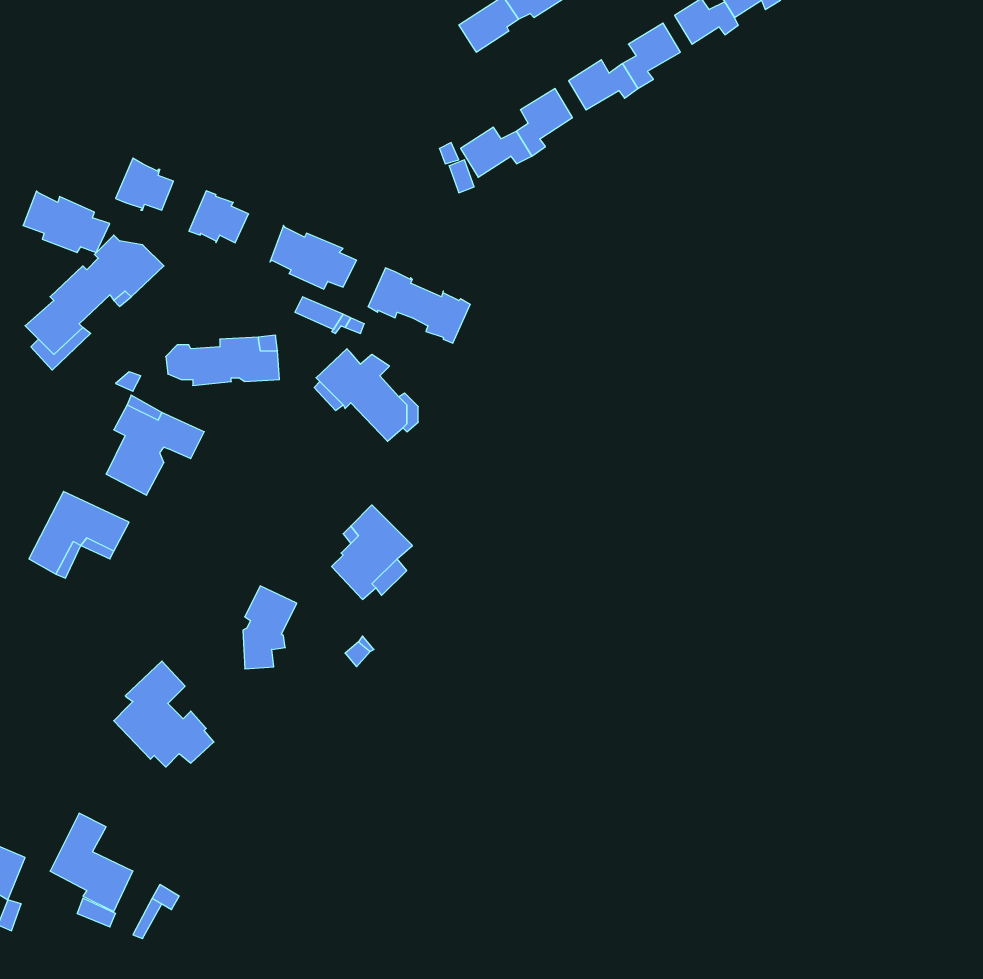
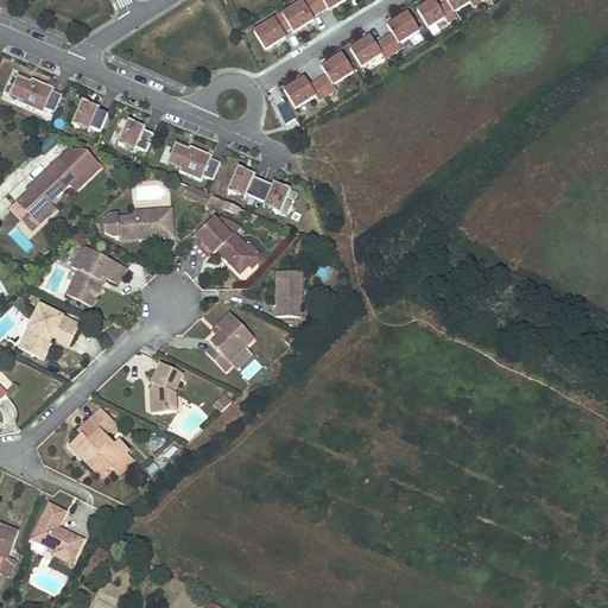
building: none -> [254,13,291,50]
building: [23,191,110,253] -> [8,71,62,109]
building: none -> [276,270,302,315]

